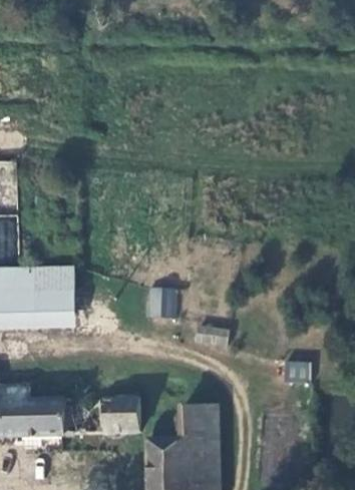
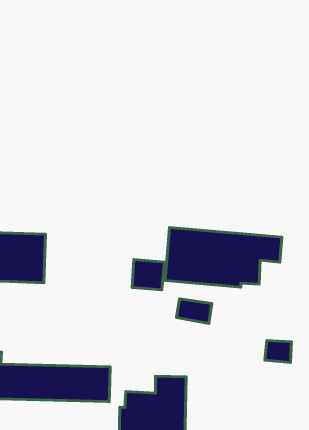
building: none -> [165,228,282,287]

